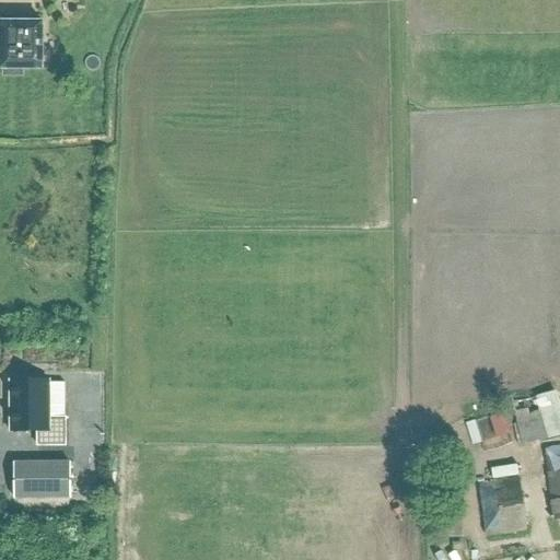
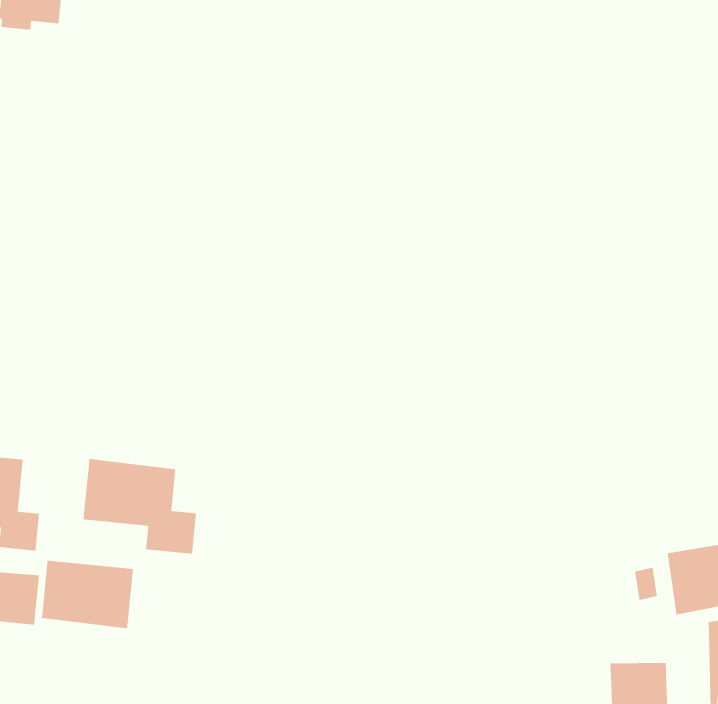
building: none -> [83,458,197,555]
building: none -> [41,560,134,629]

